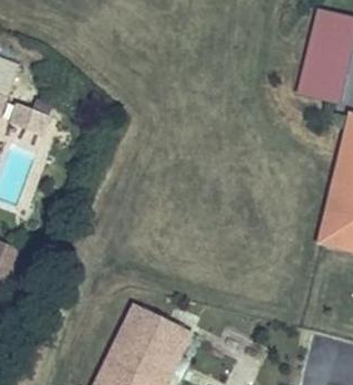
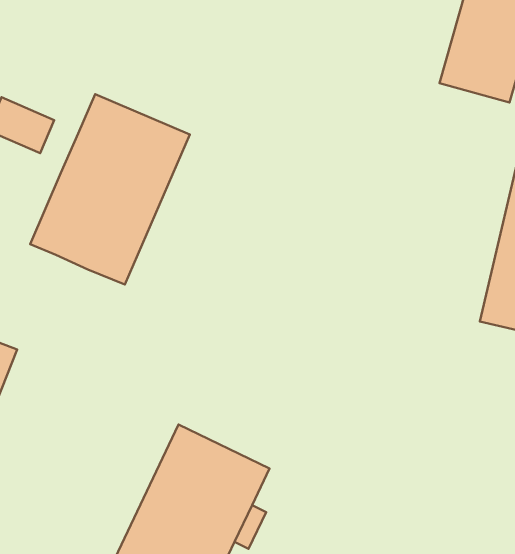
building: none -> [30,94,190,285]

